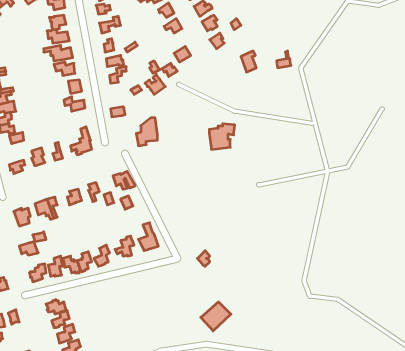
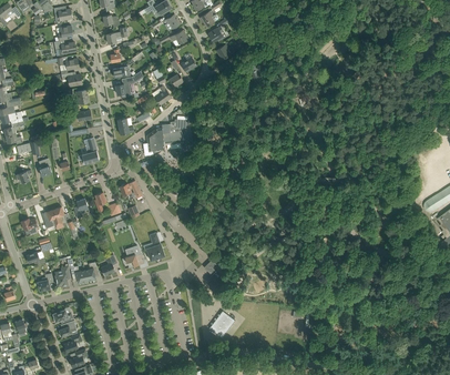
building: [209,124,235,149] -> [162,120,187,145]

